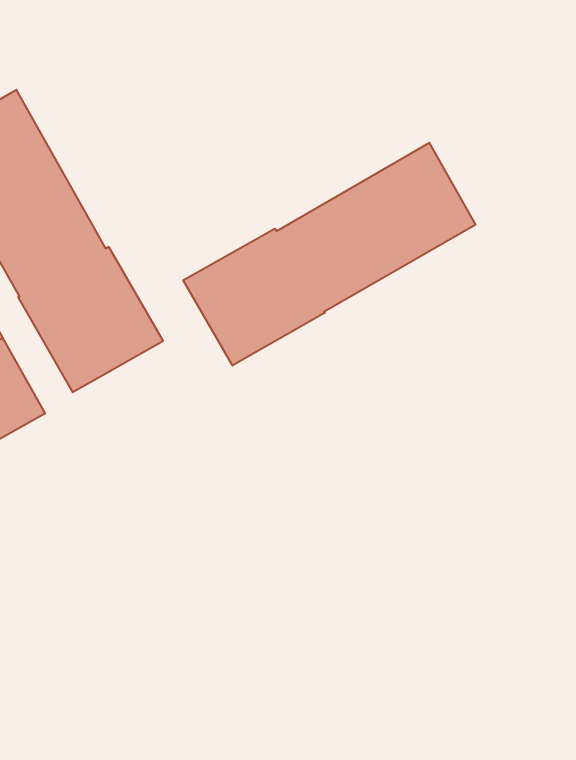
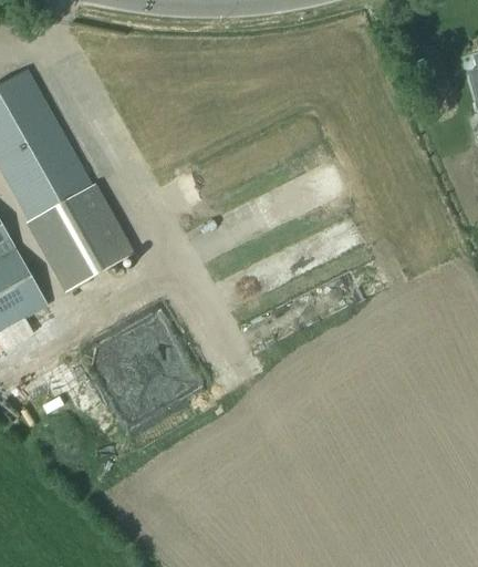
building: [183,143,475,366] -> none

